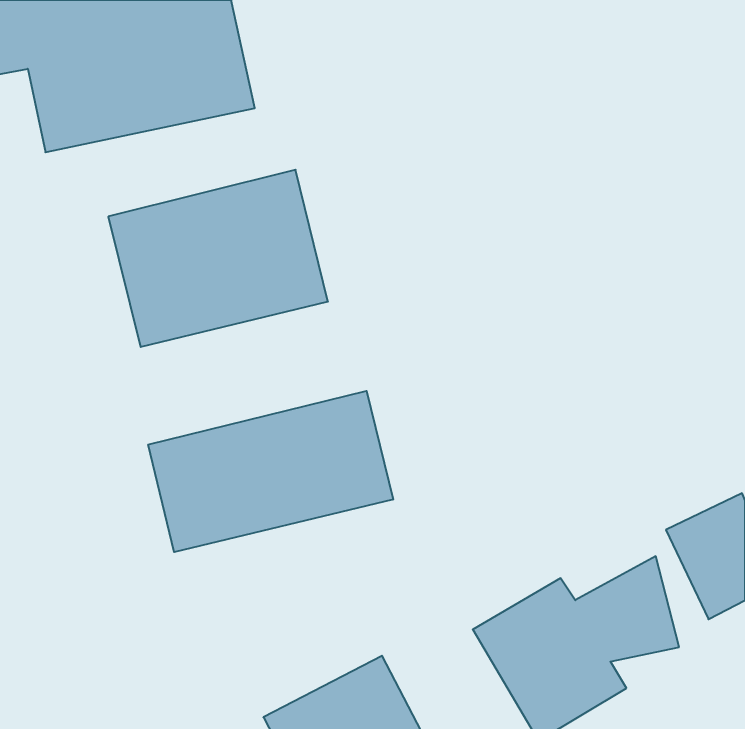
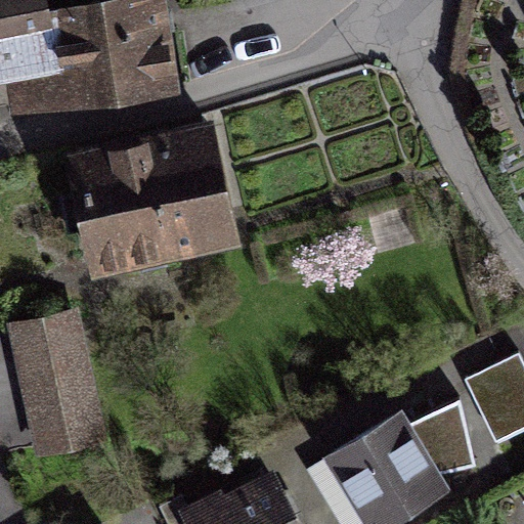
building: [148,391,393,552] -> none
building: none -> [14,320,97,455]

